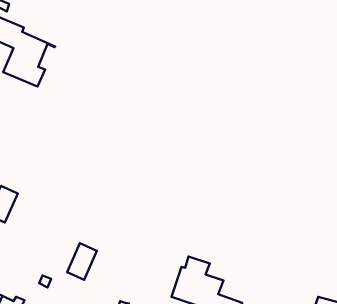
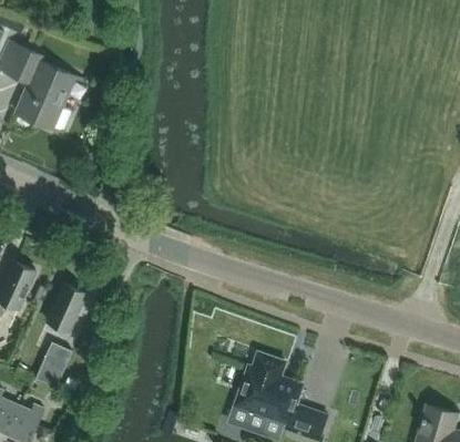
building: [67,243,97,280] -> [45,284,84,331]
building: none -> [32,354,64,388]

